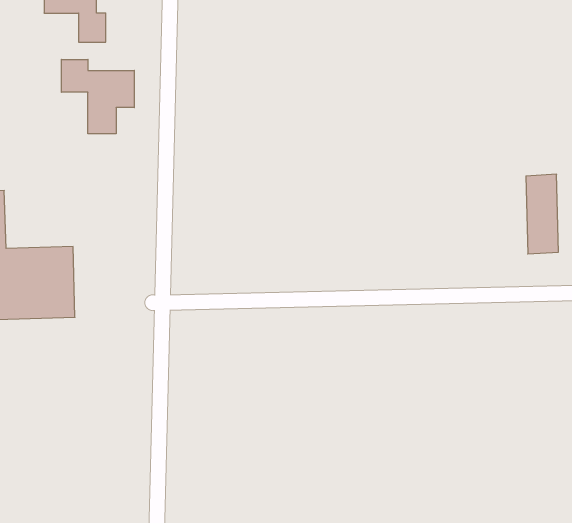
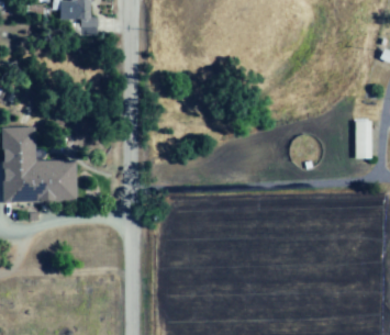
building: [61,59,134,134] -> none

